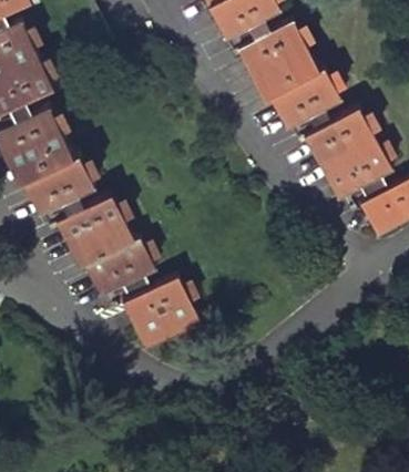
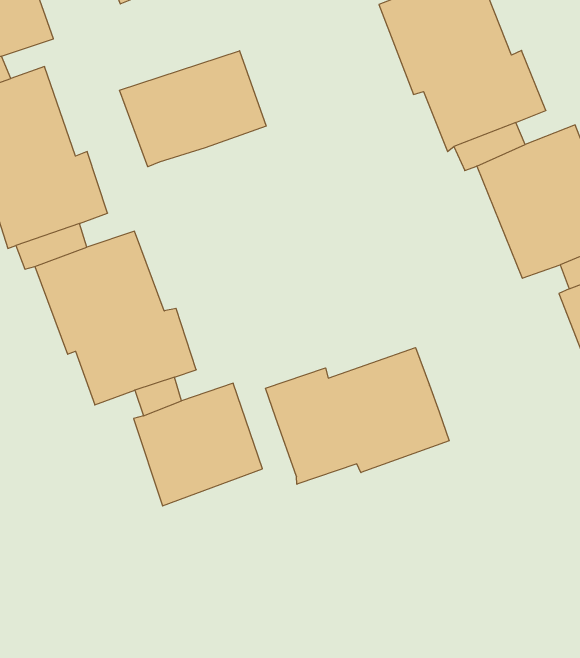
building: none -> [120,51,266,167]
building: none -> [266,348,449,484]

